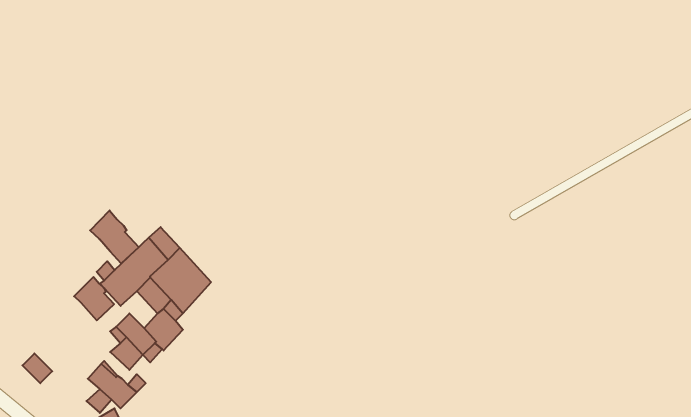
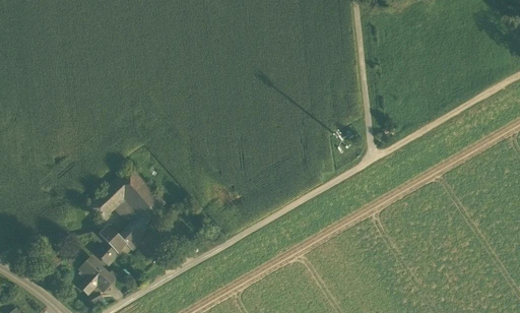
building: [90,210,139,263] -> none
building: [74,277,114,320] -> none

